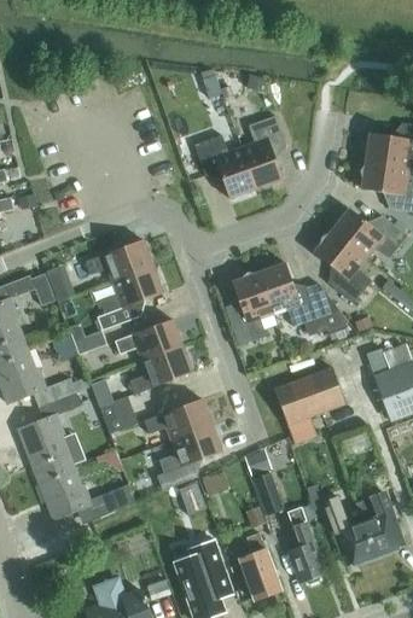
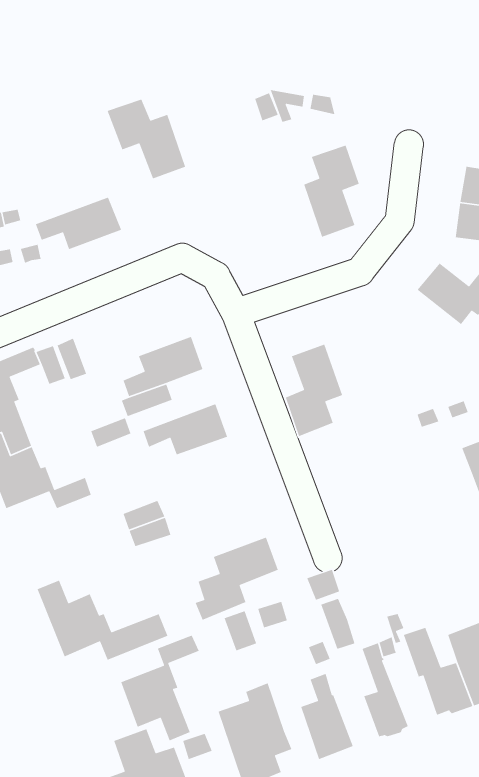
building: [193,134,256,198] -> [107,98,186,180]
building: [314,229,371,302] -> none
building: [85,239,153,281] -> [35,196,122,250]
building: [258,262,338,326] -> none
building: [129,345,192,393] -> none
building: [273,366,345,424] -> none
building: [18,391,81,476] -> [120,634,200,742]
building: [144,397,213,439] -> none

